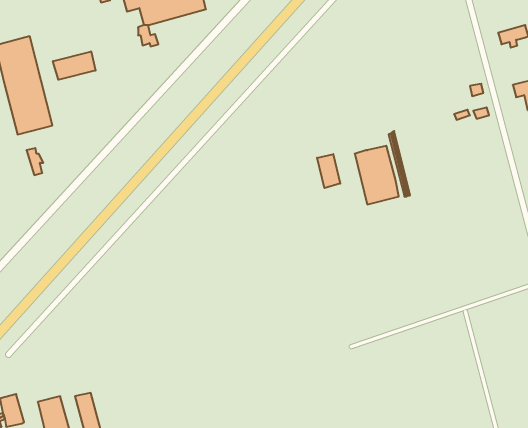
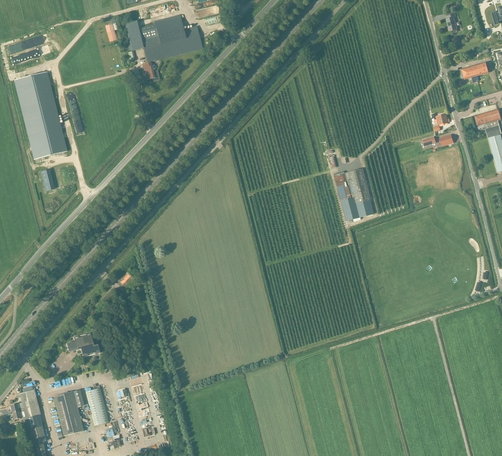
building: [53,51,96,80] -> none
building: [317,154,340,188] -> none
building: none -> [73,332,100,357]

